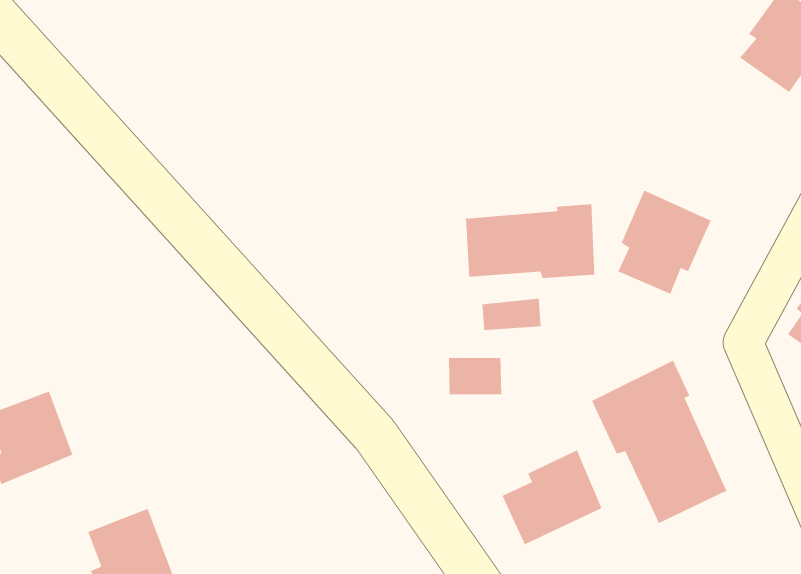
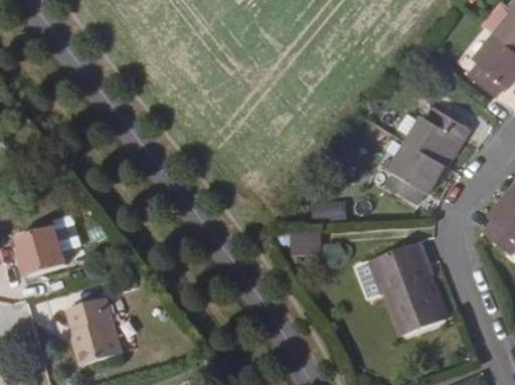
building: none -> [407,104,470,163]
building: [466,203,595,279] -> none
building: [502,449,602,545] -> none

